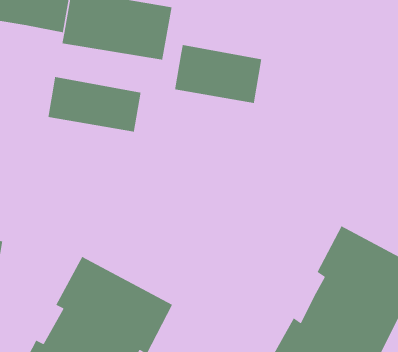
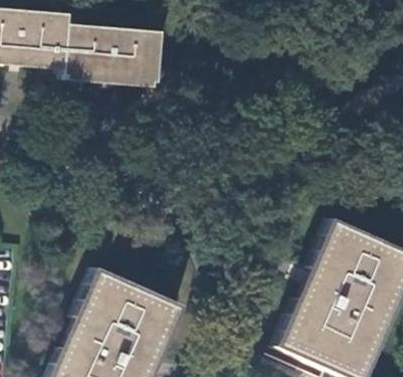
building: [174,44,262,104] -> none
building: [47,76,141,133] -> none

